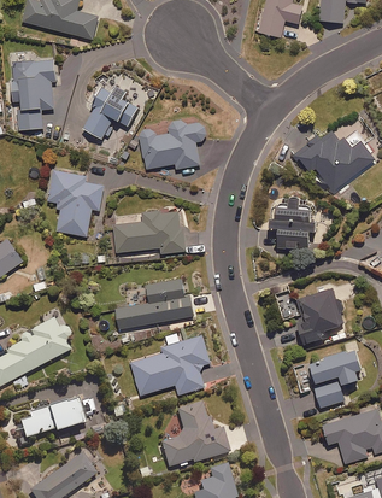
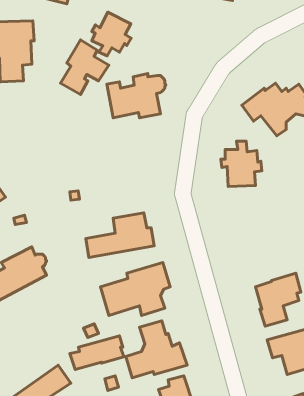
building: none -> [92,12,131,56]
building: [47,170,105,236] -> none
building: [114,210,186,253] -> none
building: [276,288,345,342] -> none
building: [22,398,83,437] -> [70,336,124,369]

